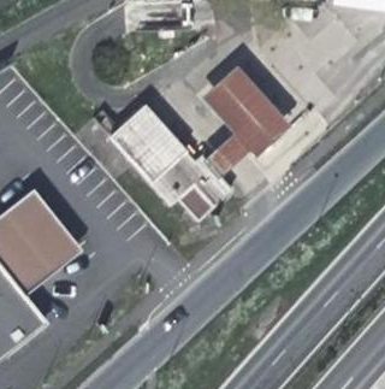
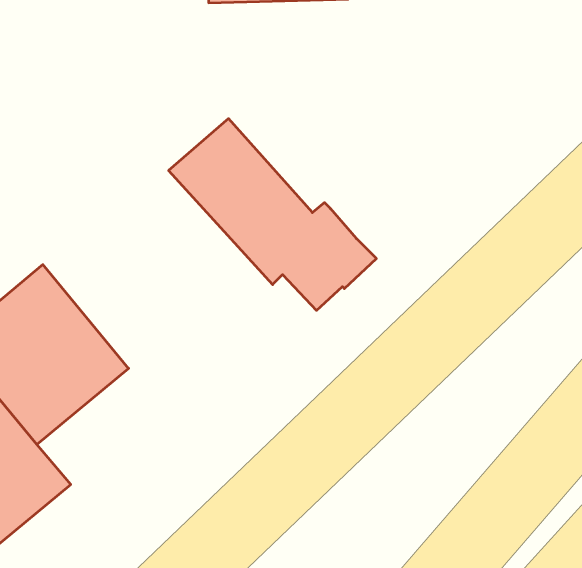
building: [199,63,290,175] -> none

